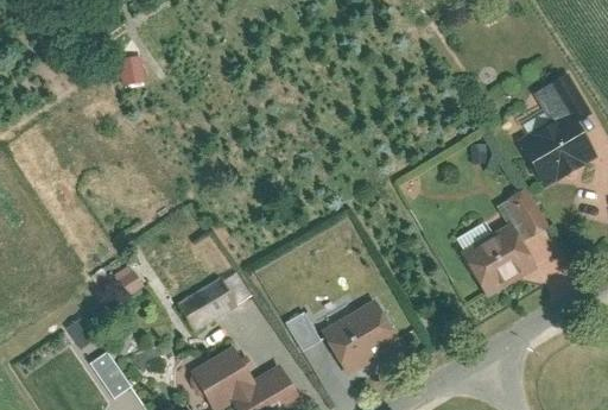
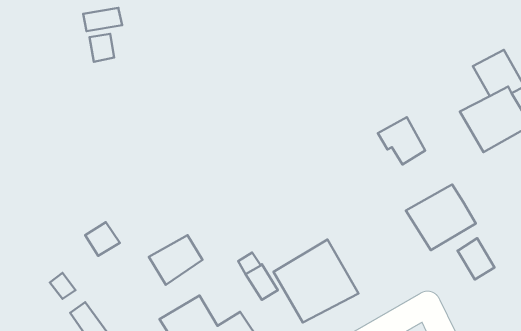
building: none -> [83,8,122,31]
building: [496,189,549,241] -> [378,117,425,164]
building: none -> [458,238,494,280]

